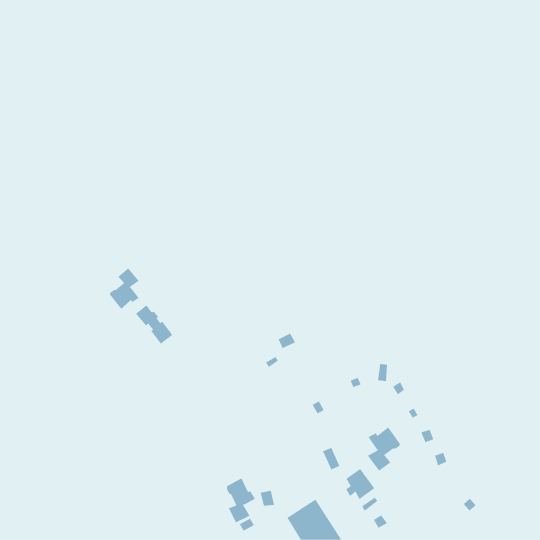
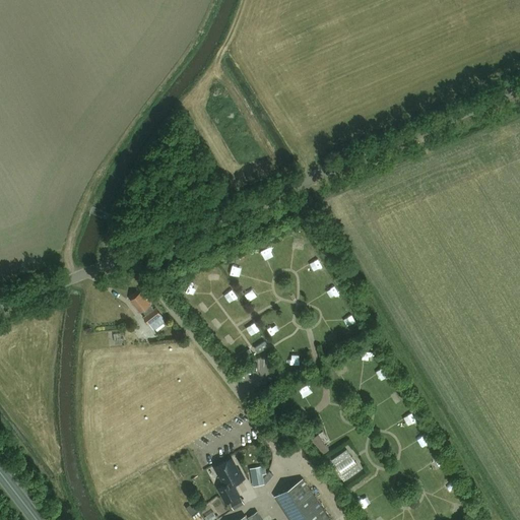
building: [109,268,140,310] -> none
building: [367,426,401,472] -> none

